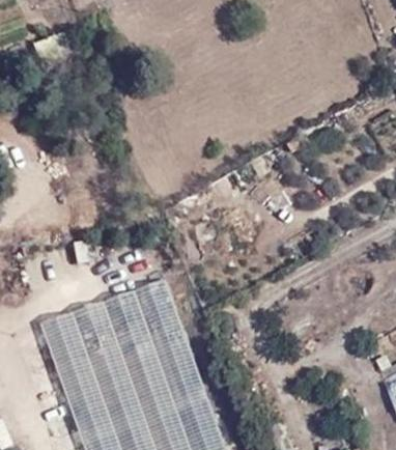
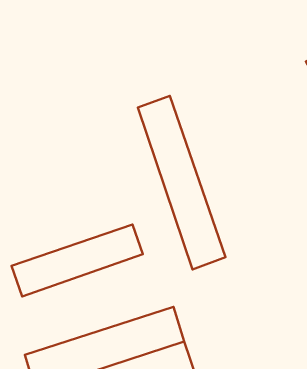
building: none -> [138,96,225,269]
building: [35,308,193,393] -> none

